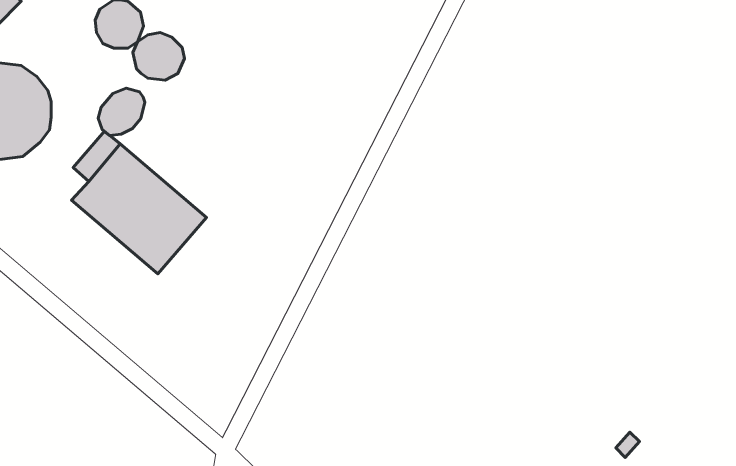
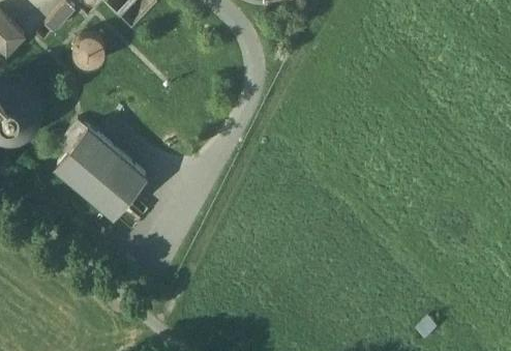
building: [133,32,185,80] -> none
building: [98,88,145,135] -> none

